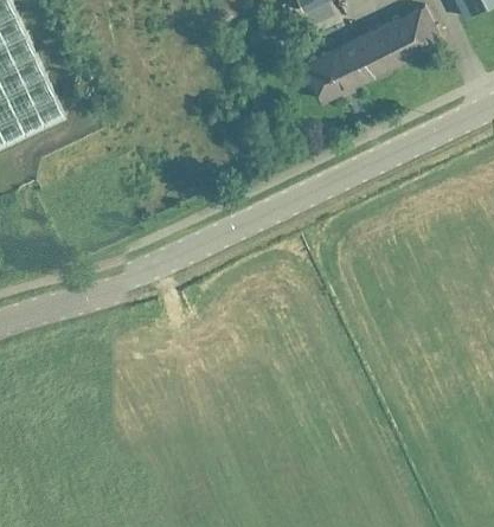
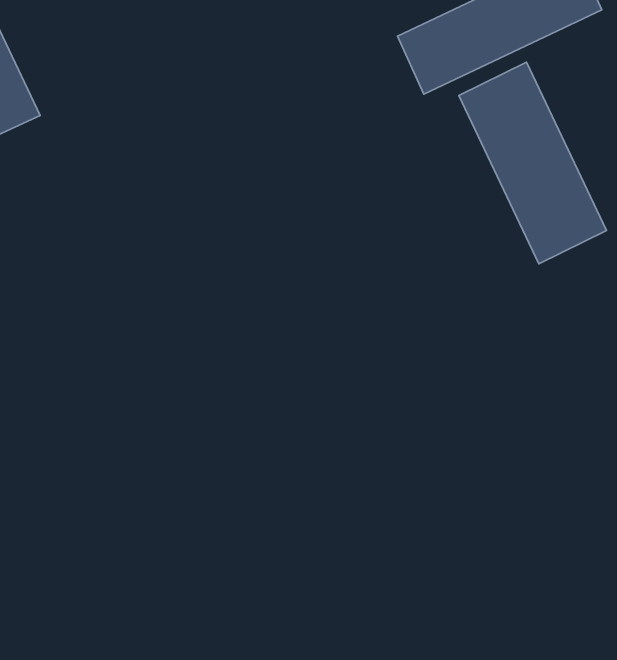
building: none -> [459,62,607,264]

